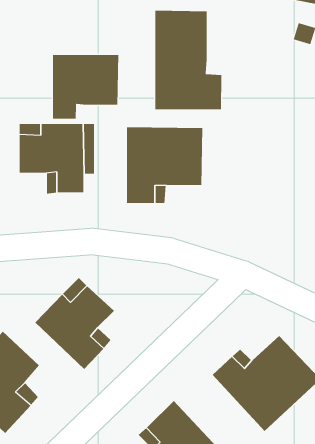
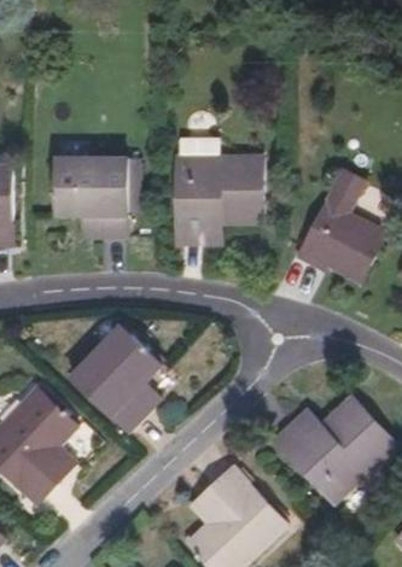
building: [155,10,222,110] -> none
building: [53,54,119,119] -> none
building: none -> [293,171,385,285]

